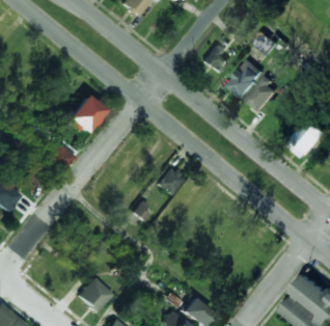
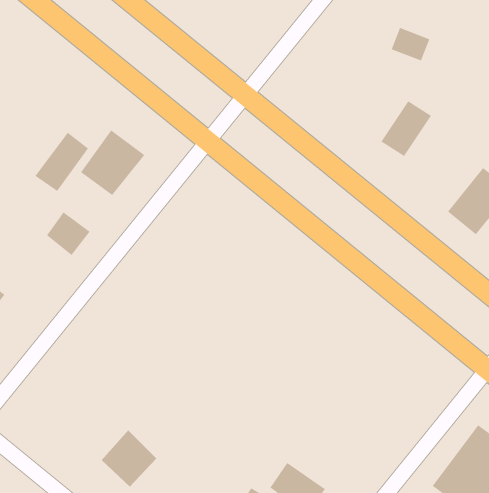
building: [201,46,229,74] -> none
building: [226,59,263,98] -> none
building: none -> [35,132,89,192]
building: [154,167,182,195] -> none

